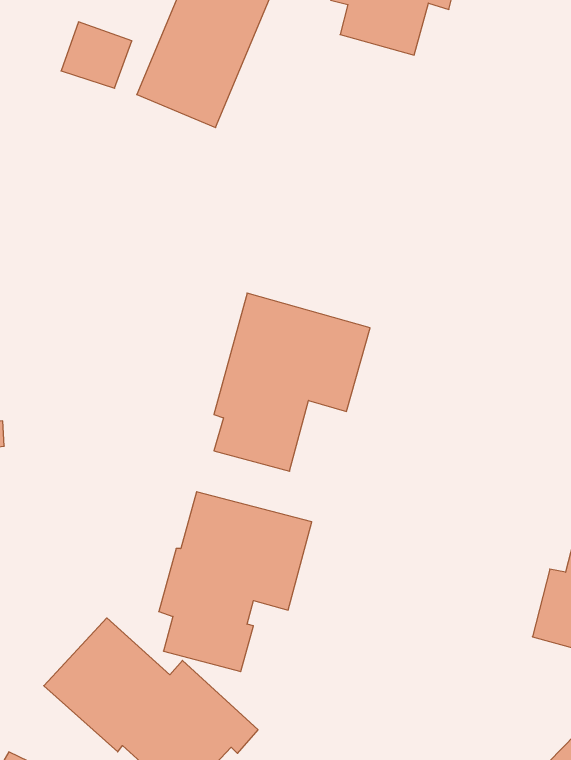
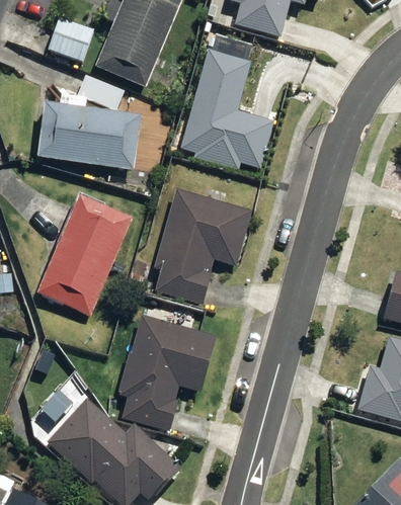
building: none -> [178,51,273,171]
building: none -> [45,99,148,165]
building: none -> [44,193,139,312]

